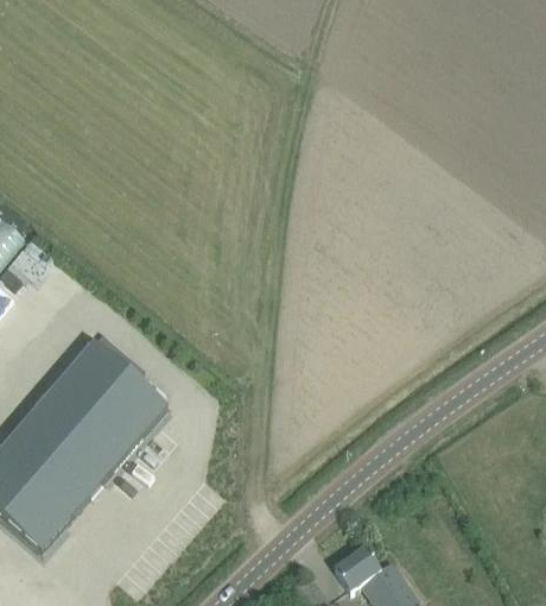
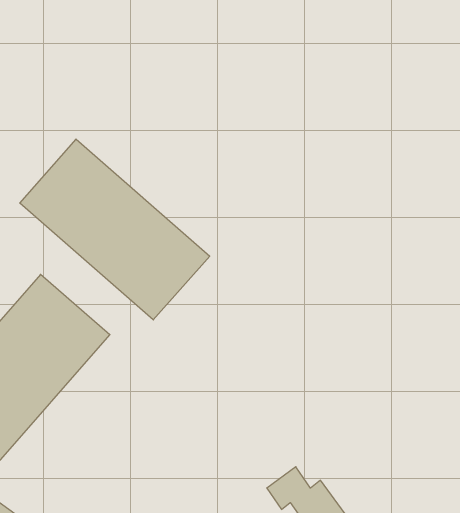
building: none -> [20,139,210,320]

